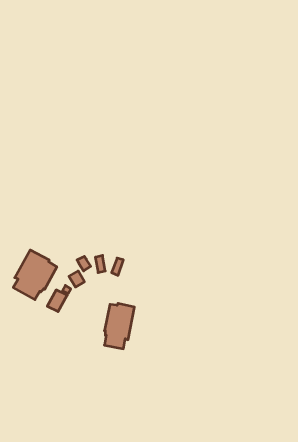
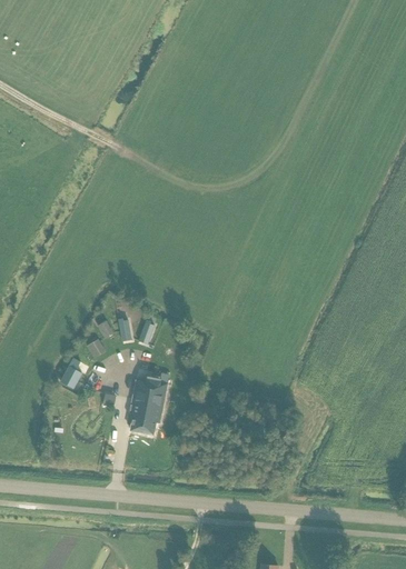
building: [13,250,57,300] -> none

